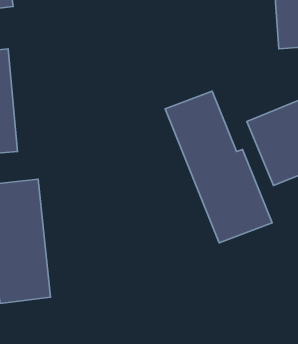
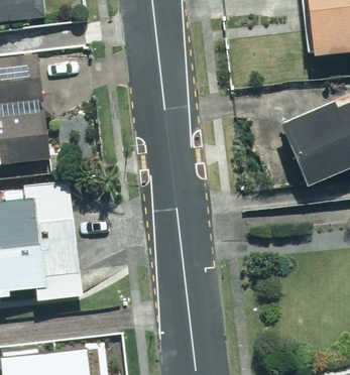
building: [165,91,272,243] -> none

